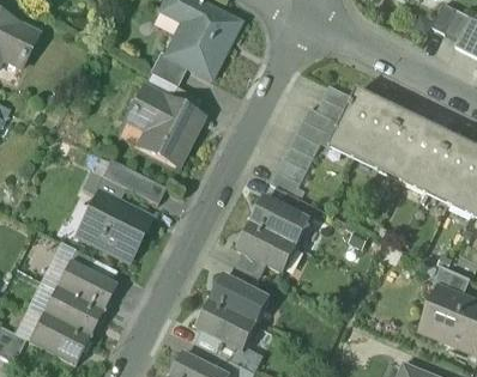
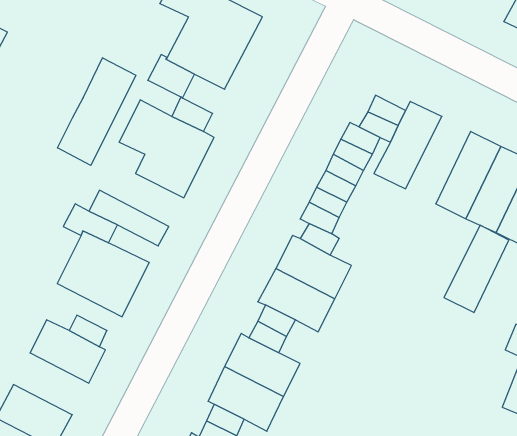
building: none -> [57,58,136,165]
building: [354,101,405,170] -> [444,225,509,313]
building: [42,288,102,338] -> none

